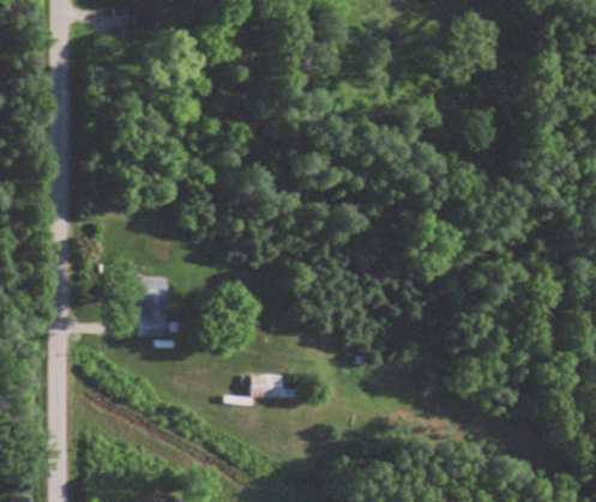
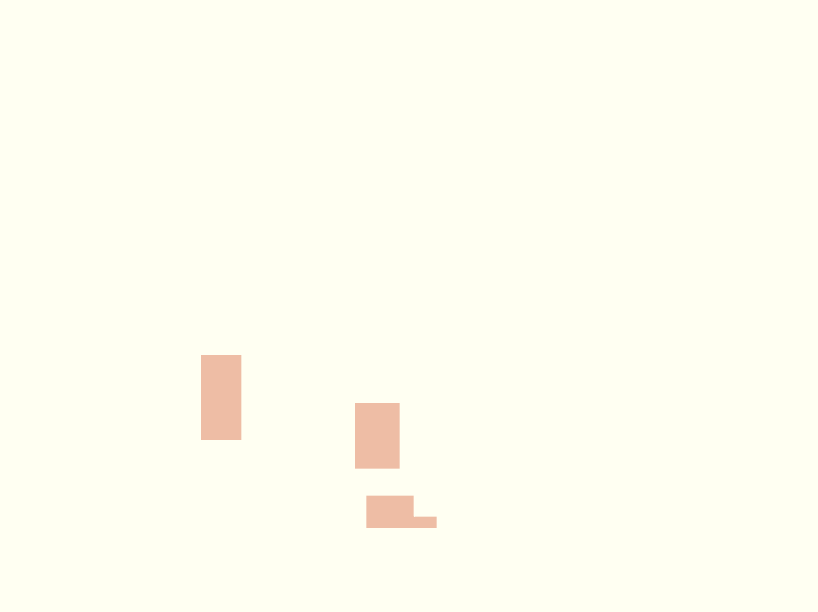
building: none -> [354,402,400,469]

